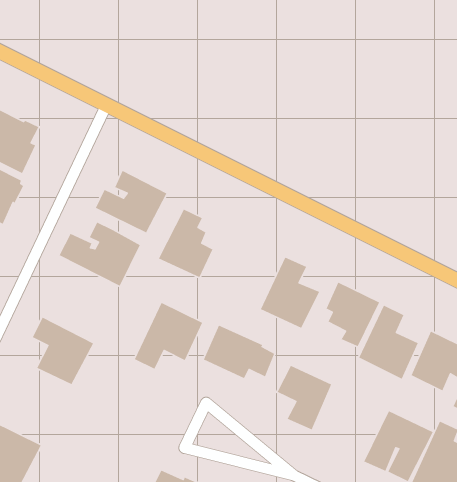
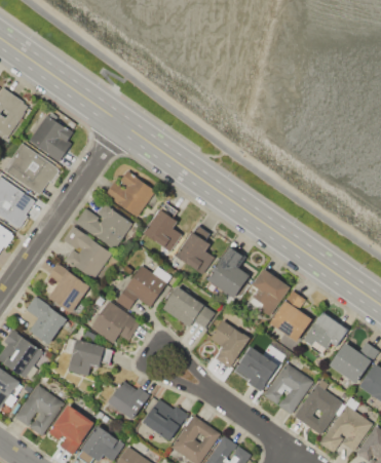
building: none -> [175,232,215,275]
building: none -> [63,226,113,281]
building: none -> [88,301,140,344]
building: none -> [25,297,67,346]
building: none -> [235,347,277,391]
building: none -> [64,338,112,378]

